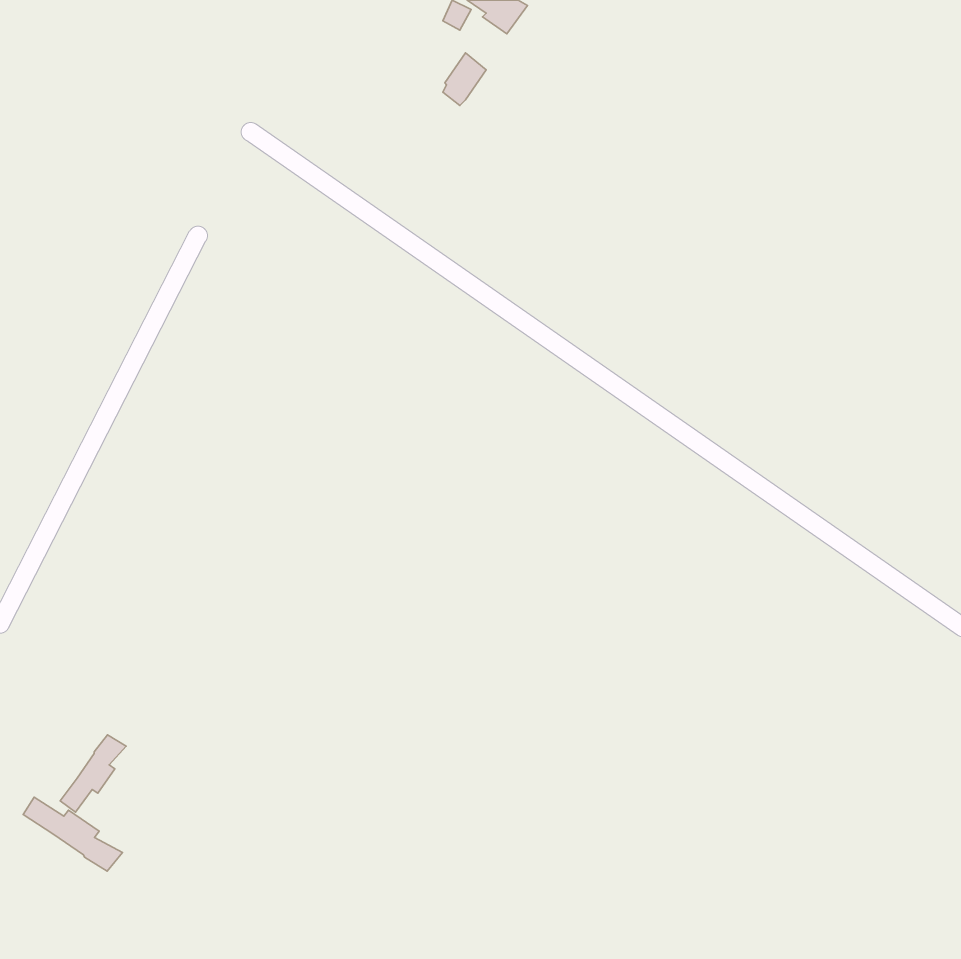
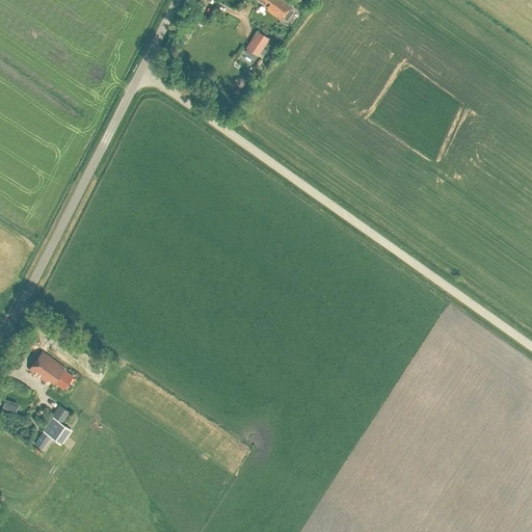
building: none -> [29,352,74,390]
building: [23,797,122,871] -> none

